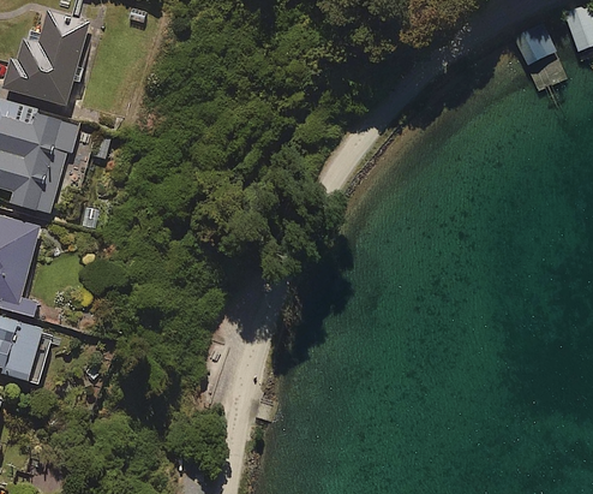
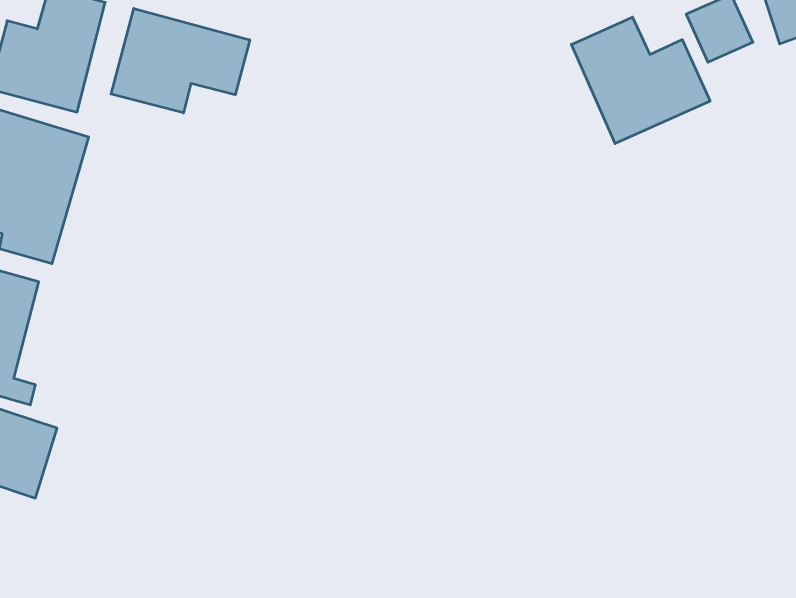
building: none -> [111,8,250,113]
building: none -> [571,17,710,144]

